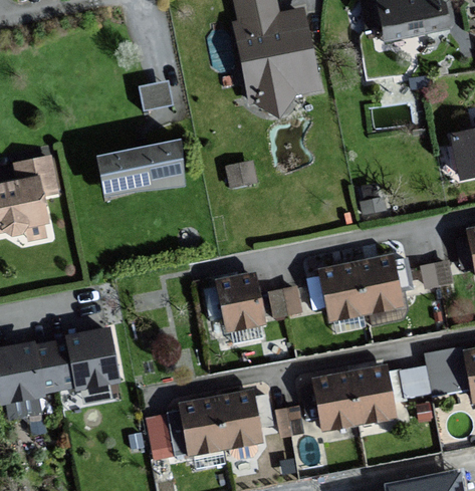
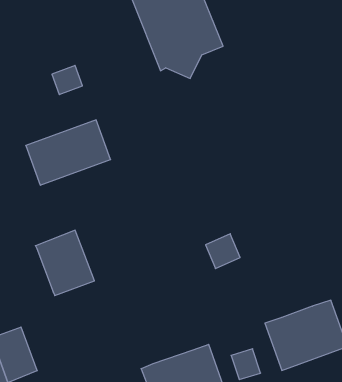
building: [320,256,402,317] -> none
building: [218,273,264,329] -> none
building: [63,327,117,391] -> [35,230,94,296]

